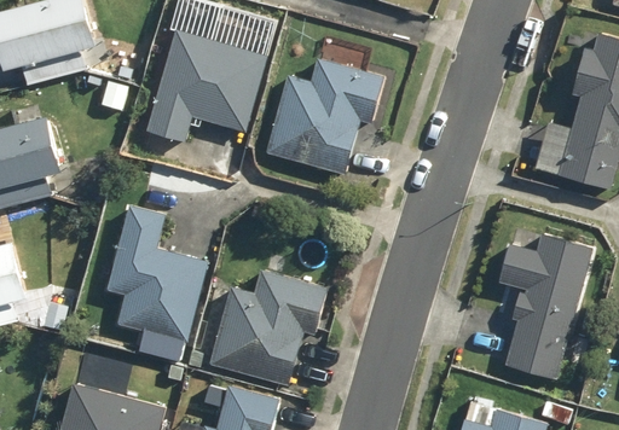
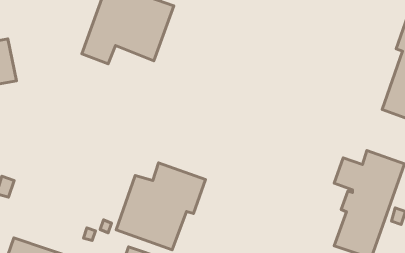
building: [266,58,383,173] -> none
building: [106,205,207,342] -> none

